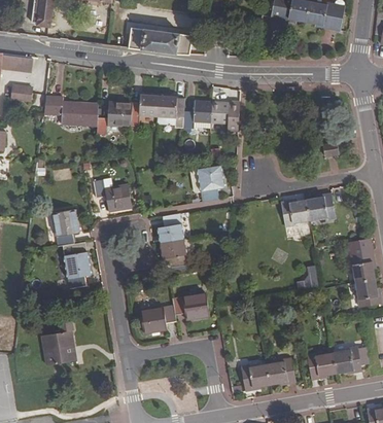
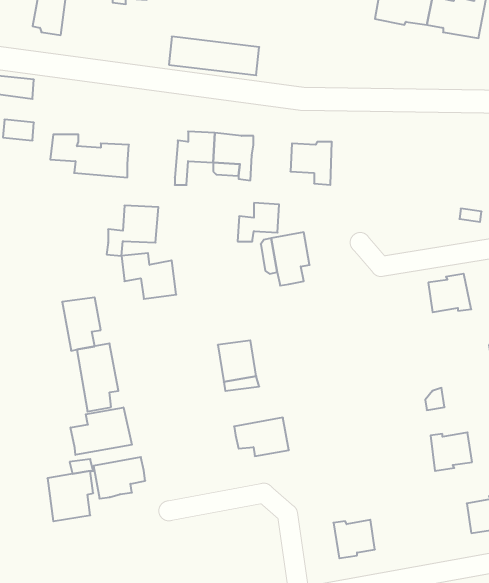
building: [97,100,133,135] -> [107,206,158,256]
building: [183,101,212,128] -> [238,203,279,241]
building: [281,199,310,226] -> none
building: [159,213,183,242] -> none
building: none -> [71,407,132,455]
building: [140,305,176,333] -> [93,457,145,499]
building: [308,352,337,379] -> [431,432,472,471]
building: [267,357,297,384] -> none

